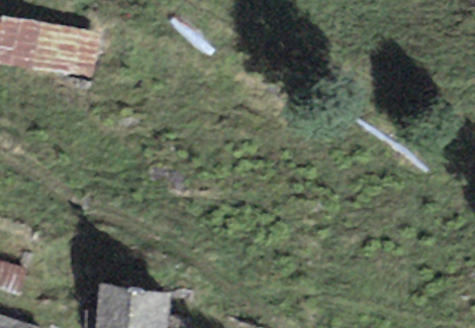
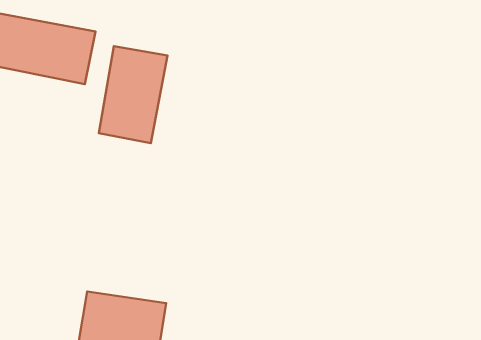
building: none -> [99,46,167,143]

